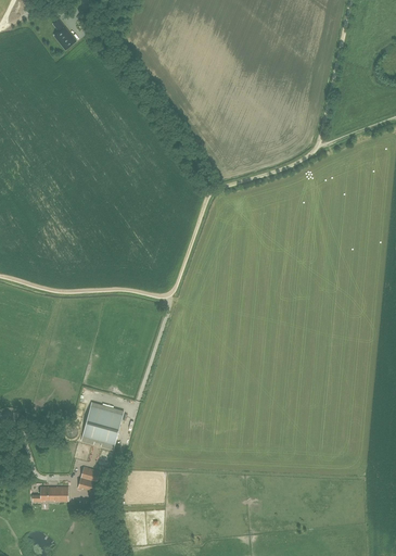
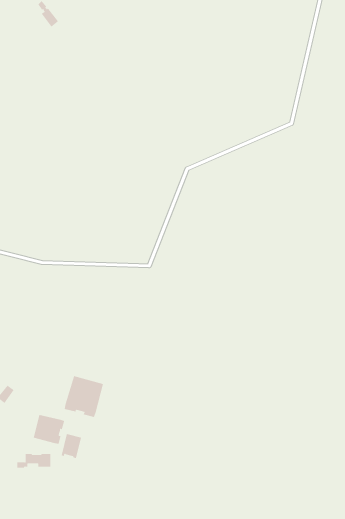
building: none -> [33,414,65,444]

